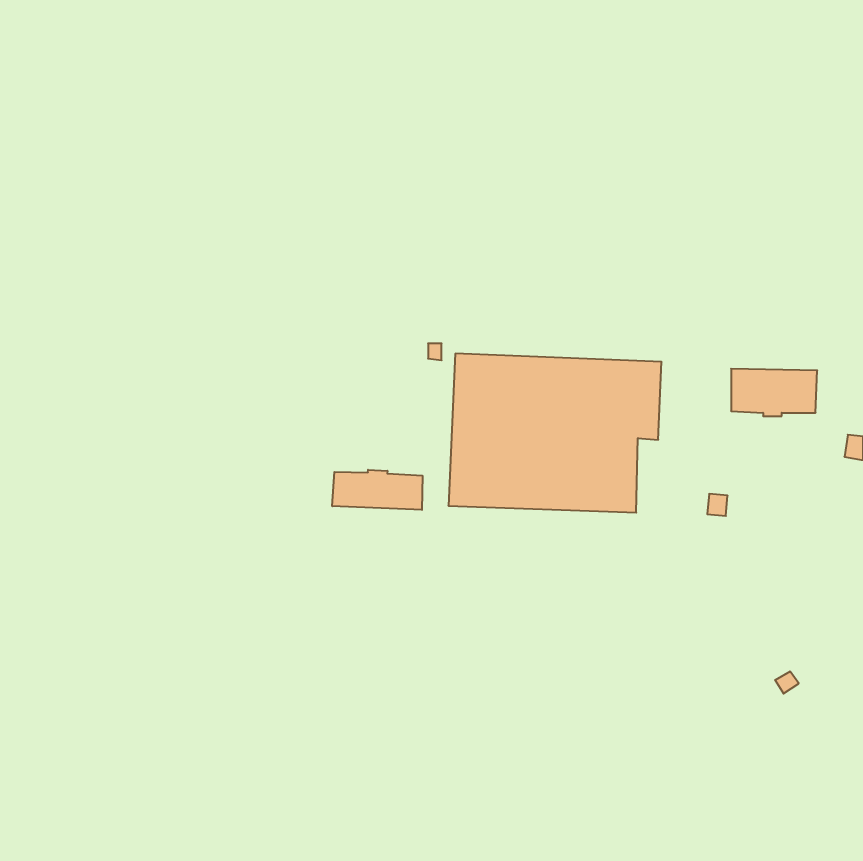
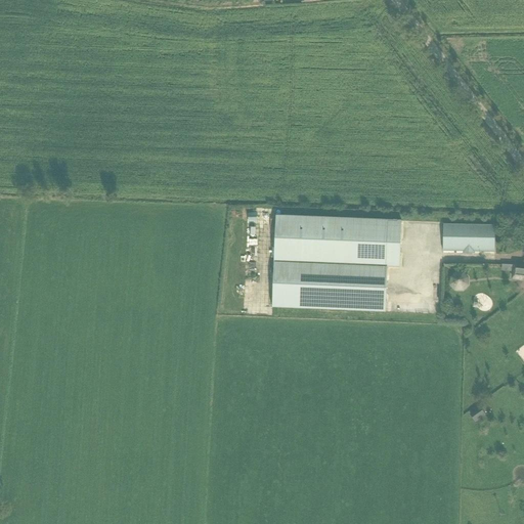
building: [332,470,422,510] -> none

